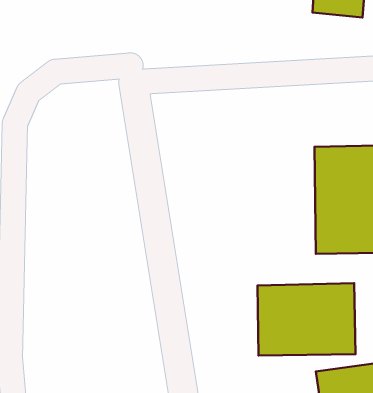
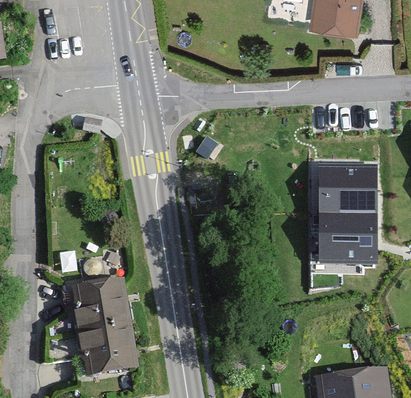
building: none -> [74,279,139,379]
building: [257,283,355,356] -> none

